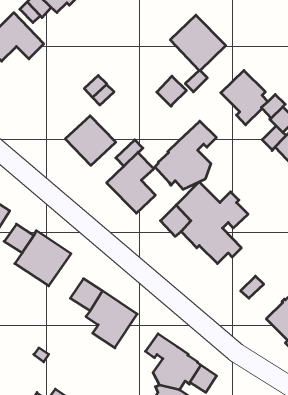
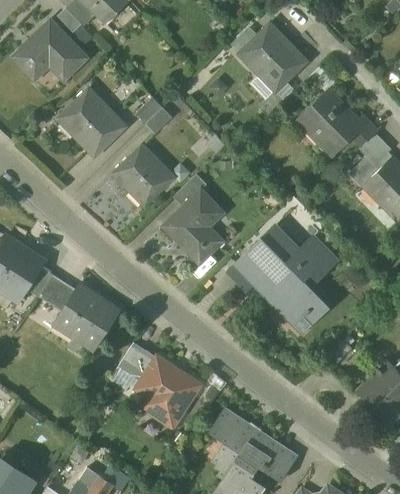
building: none -> [59,89,125,155]
building: [157,76,186,106] -> none
building: [155,121,216,189] -> none

